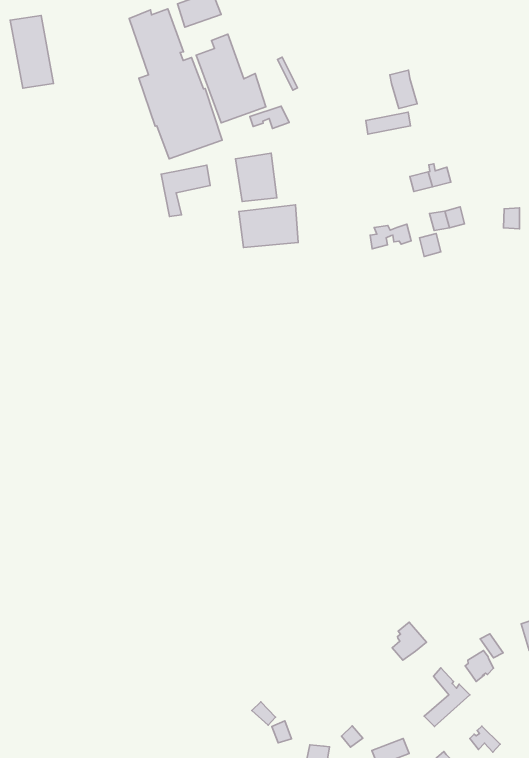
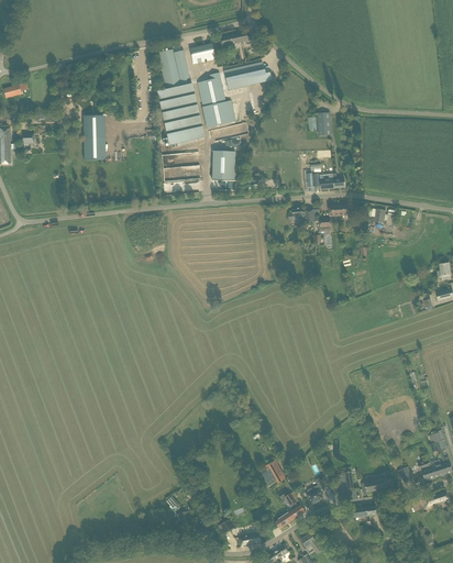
building: none -> [223,64,269,89]
building: [10,15,54,88] -> [82,115,103,159]
building: [239,205,298,247] -> none

